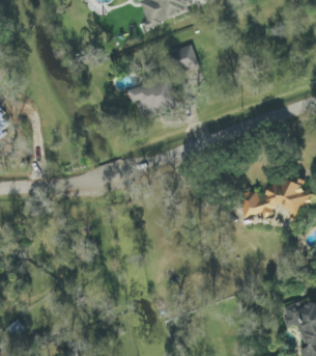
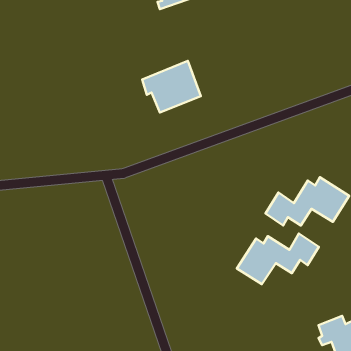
building: [171,44,199,73] -> none
building: none -> [237,234,319,284]

